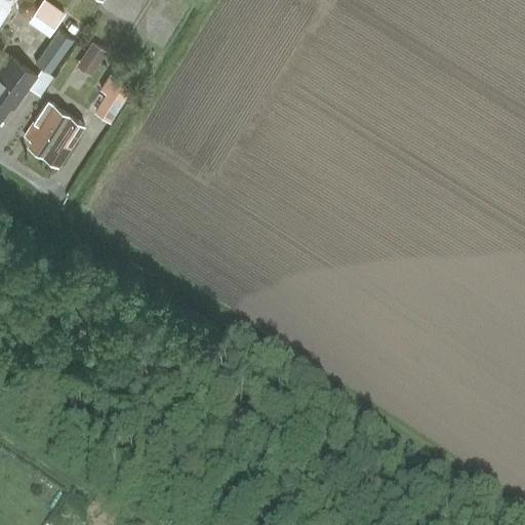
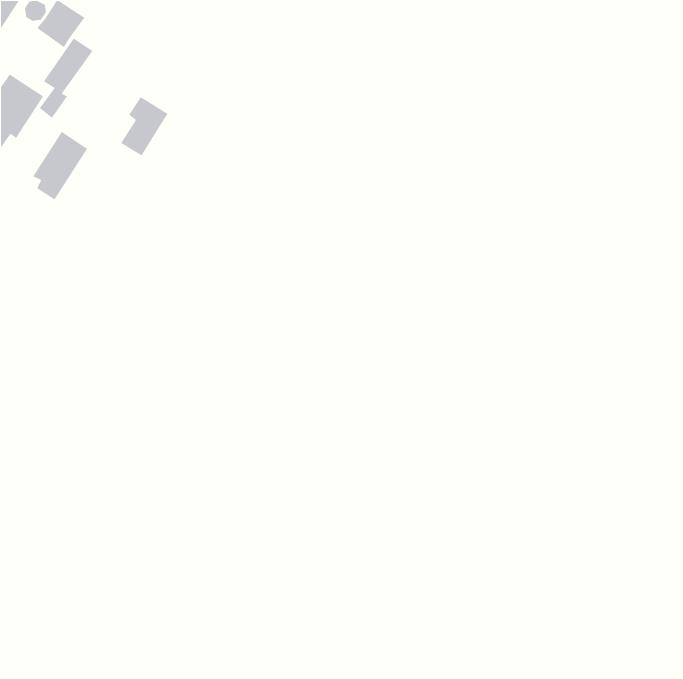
building: [76,45,107,79] -> none
building: [42,117,83,167] -> none

